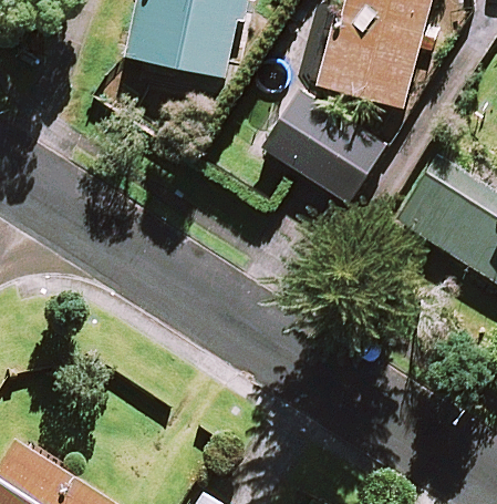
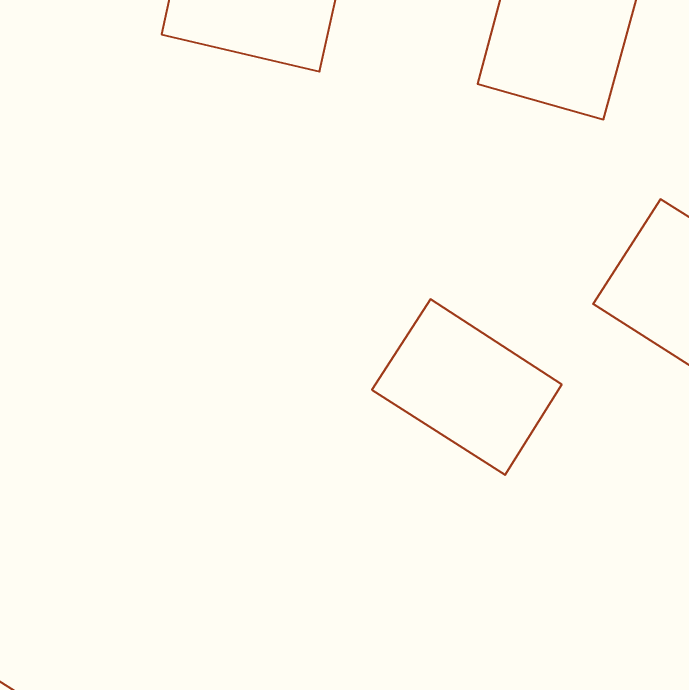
building: [266,90,384,199] -> [372,299,562,475]

